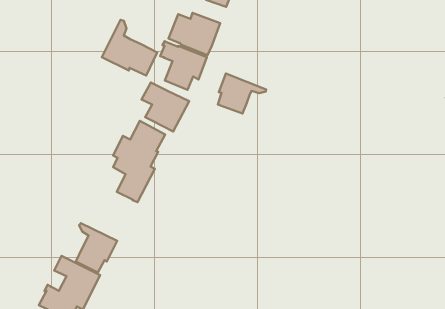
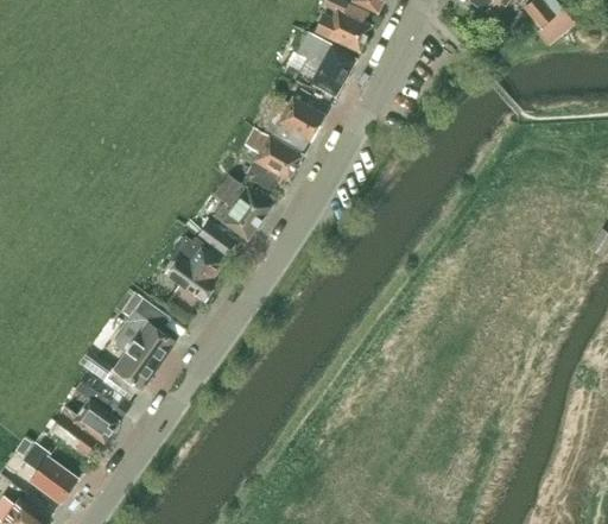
building: [102,20,157,75] -> none
building: [218,74,266,114] -> none
building: none -> [110,296,173,365]

